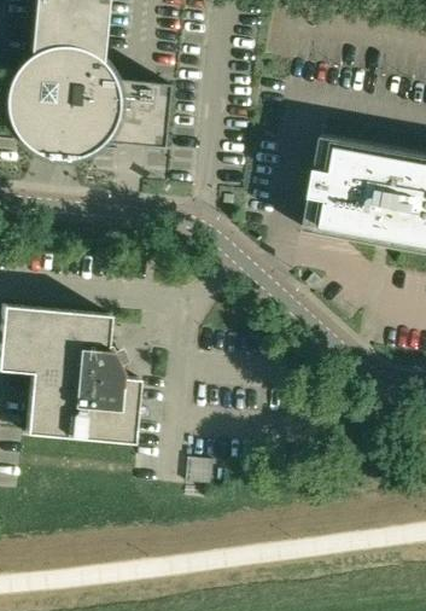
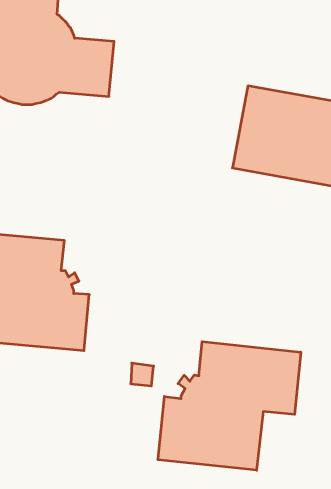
building: none -> [158,342,301,470]

